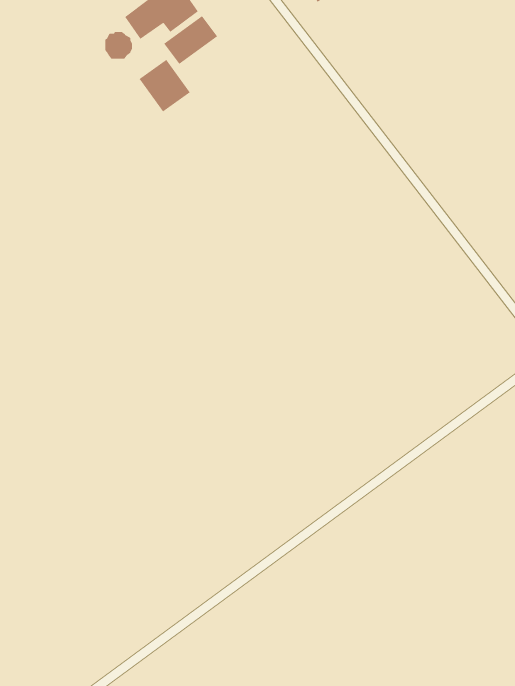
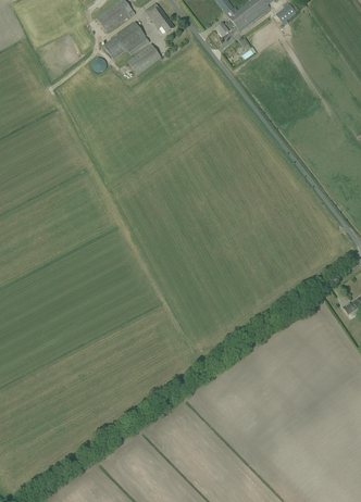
building: [138,59,191,112] -> none

